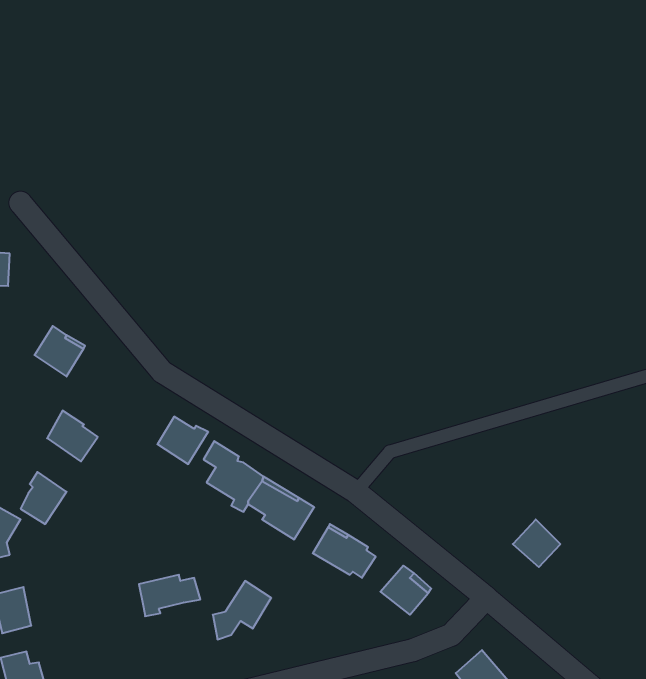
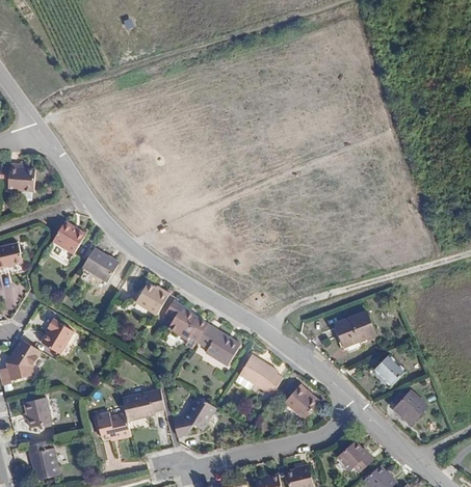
building: [47,411,98,461] -> [82,247,116,281]
building: none -> [335,313,374,348]
building: none -> [393,391,428,426]
building: none -> [96,410,130,438]

